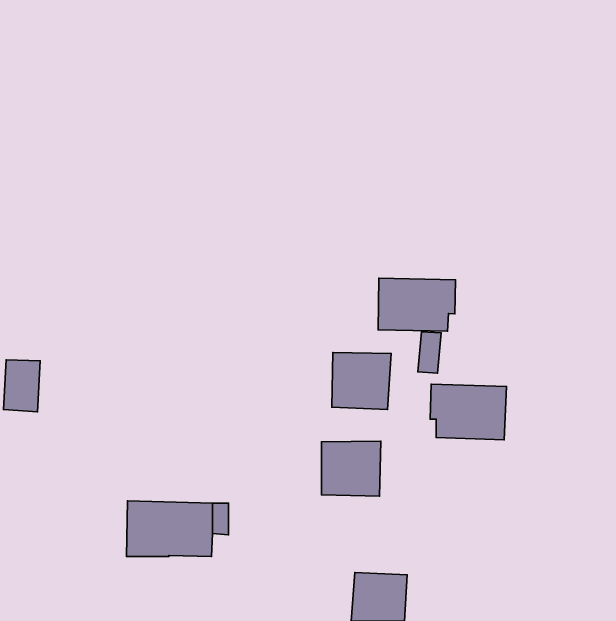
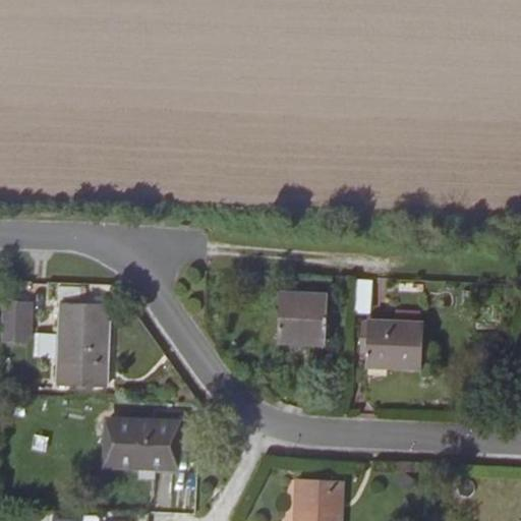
building: [378,278,455,331] -> none
building: none -> [55,303,108,385]
building: [322,441,381,496] -> none

